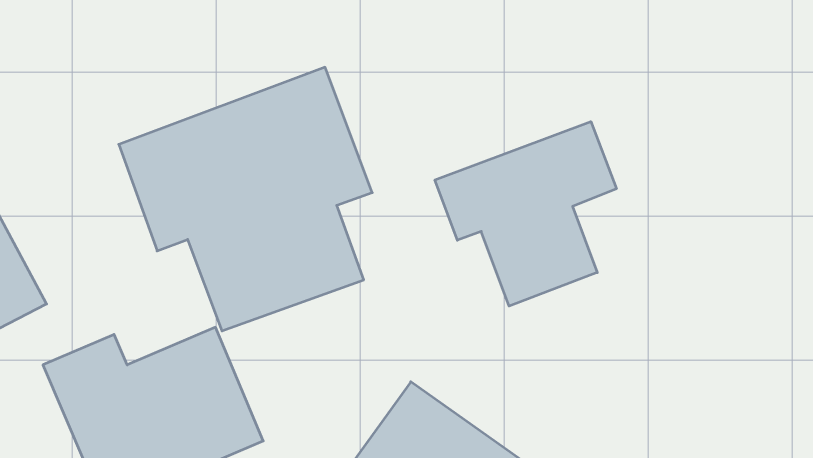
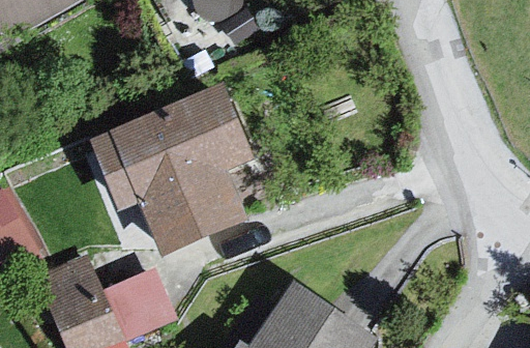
building: [435,122,616,306] -> none

